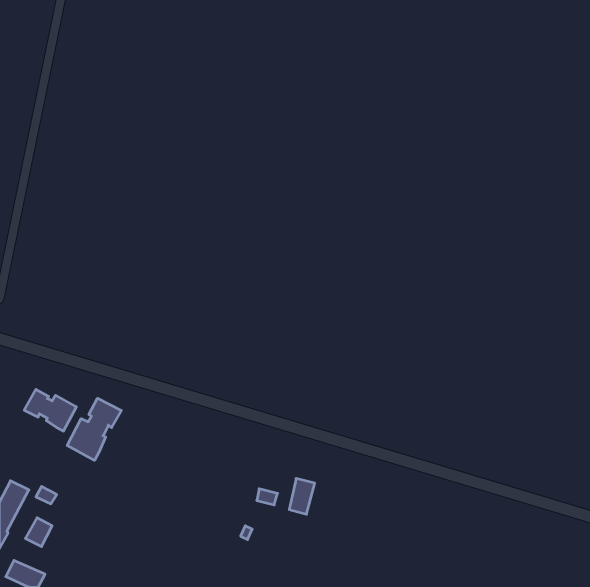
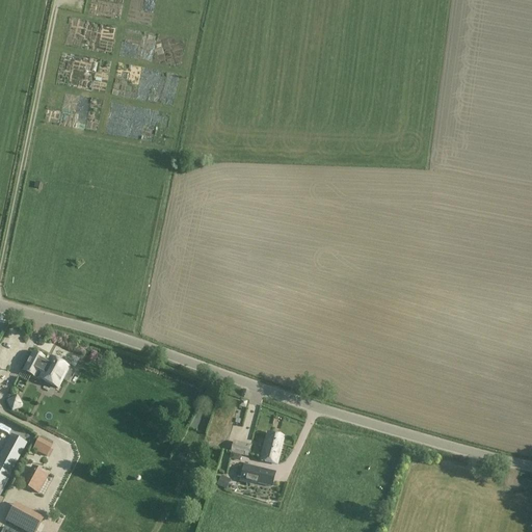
building: [67,398,121,460] -> none
building: none -> [240,462,274,484]

